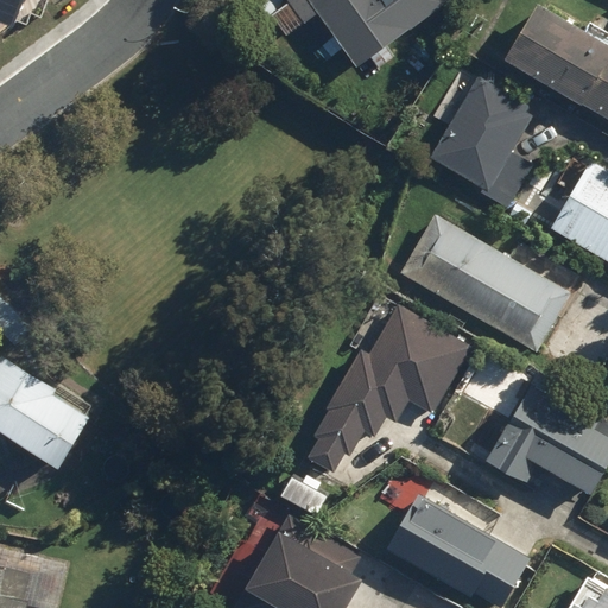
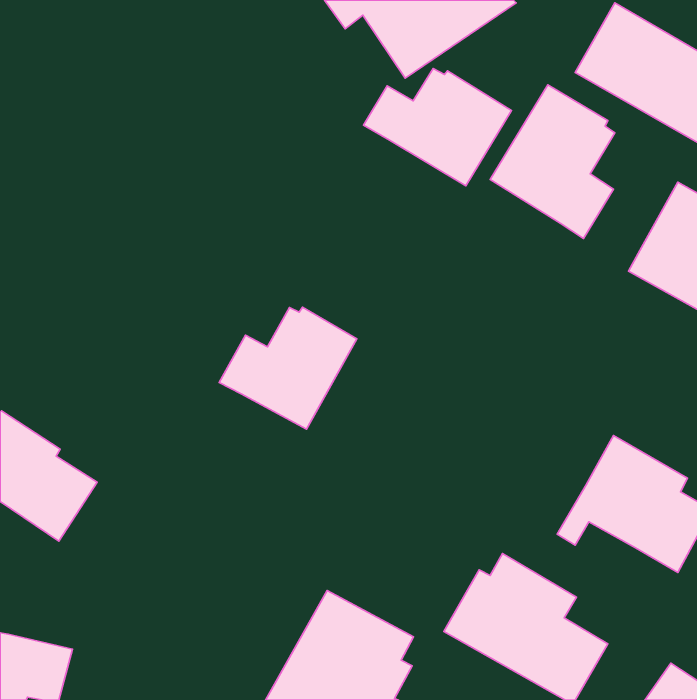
building: none -> [363,69,511,186]
building: [395,211,572,354] -> none
building: none -> [219,307,357,429]
building: [306,290,477,474] -> none

